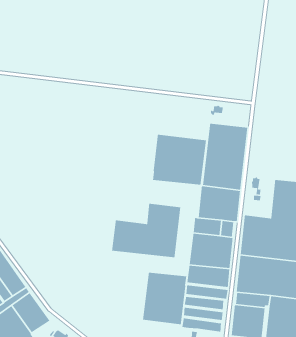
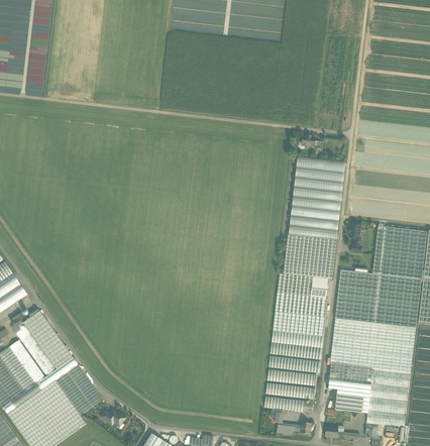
building: [152,134,207,186] -> none
building: [111,203,181,258] -> none
building: [142,272,187,325] -> none

